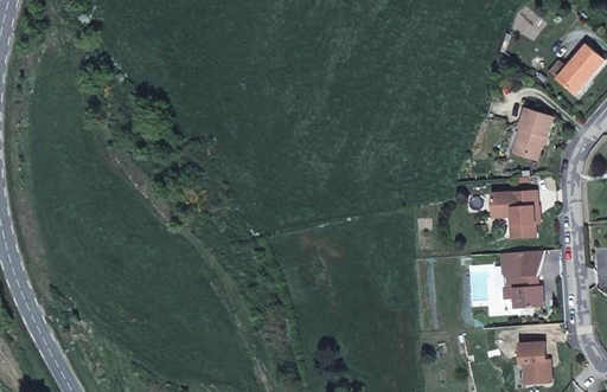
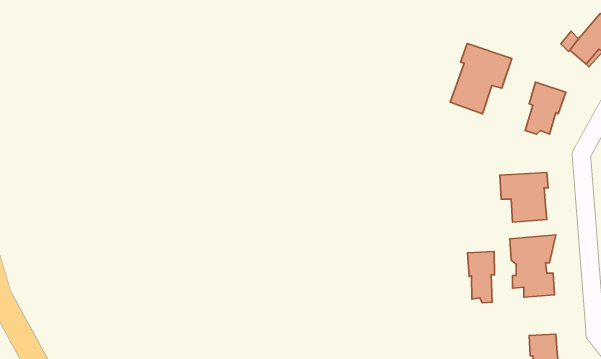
building: none -> [450,44,512,114]
building: none -> [468,252,495,303]

